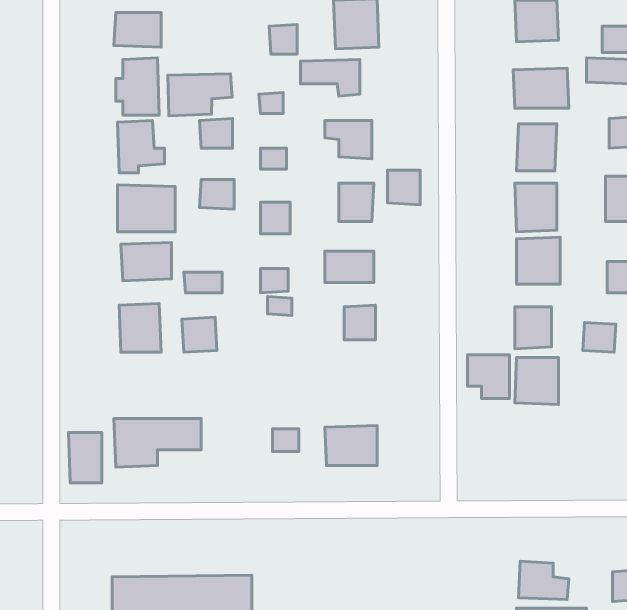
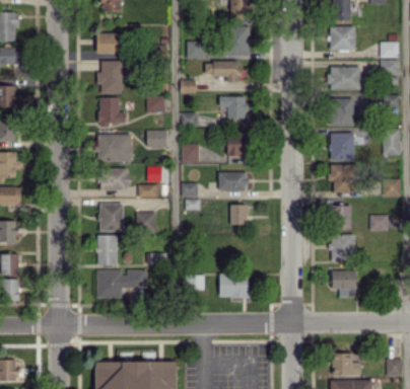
building: [168,74,232,116] -> none
building: [387,170,420,205] -> none
building: [468,355,509,398] -> [332,270,356,296]
building: [69,432,102,483] -> [97,235,117,264]

